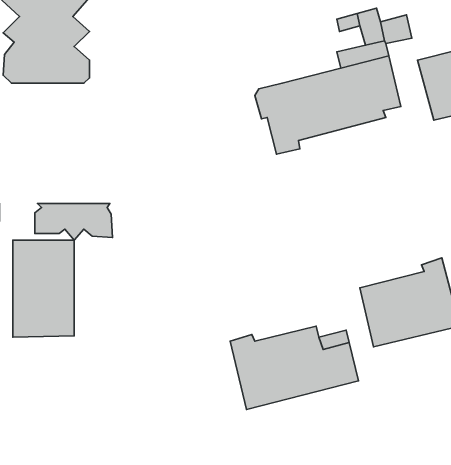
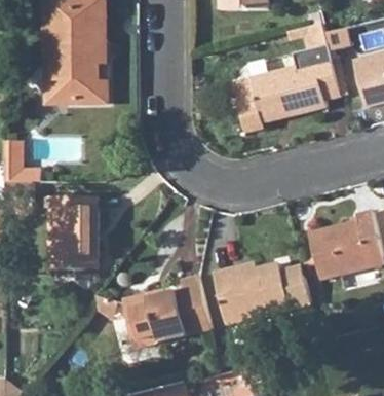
building: [35,203,113,240] -> [47,78,106,106]
building: none -> [124,276,210,346]

